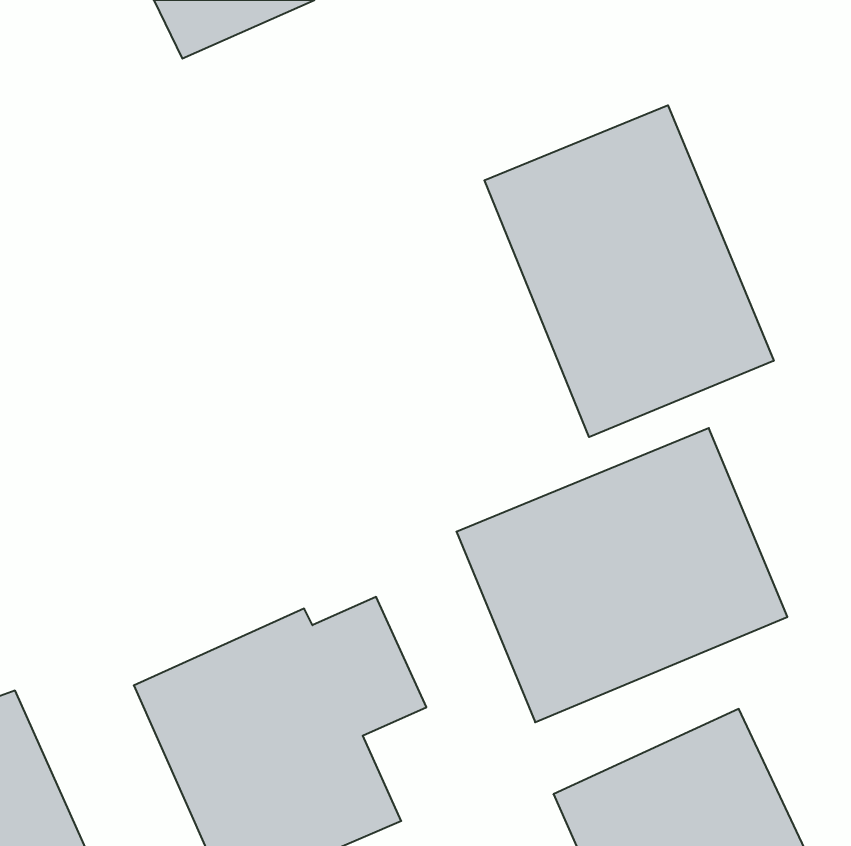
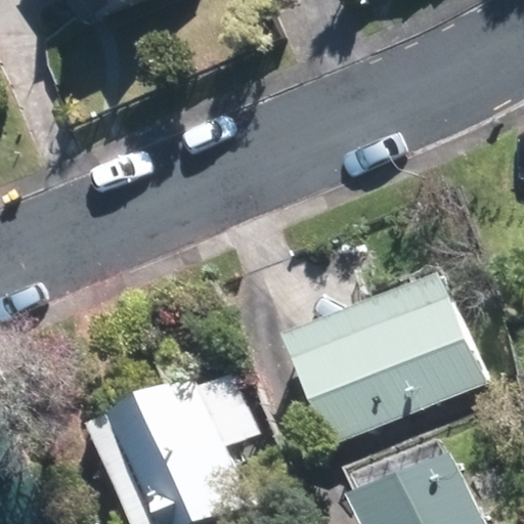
building: [484,105,774,437] -> none

